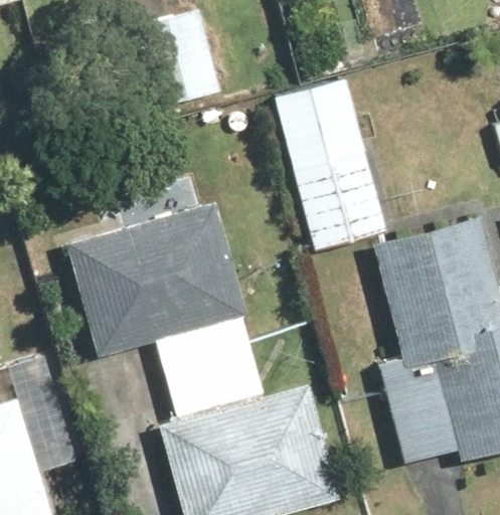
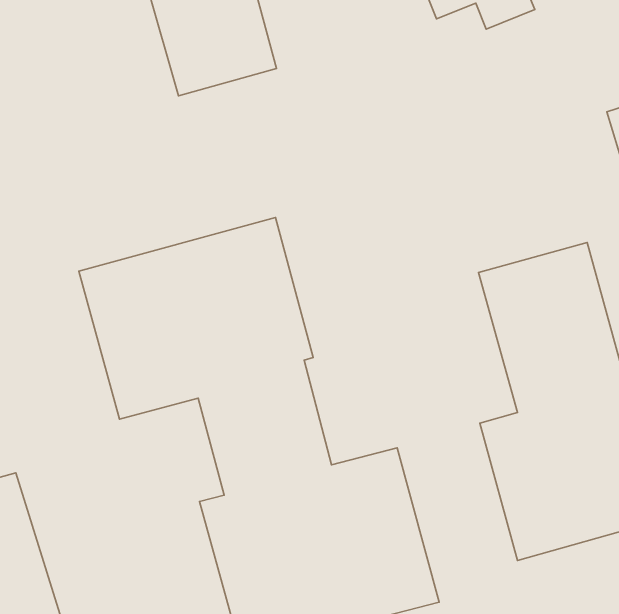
building: [274,74,388,250] -> none

